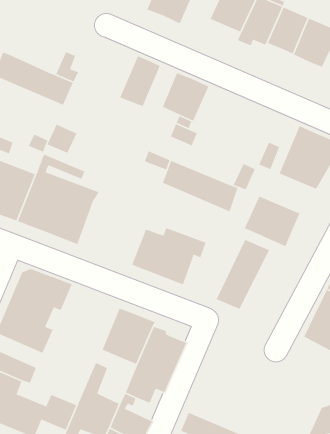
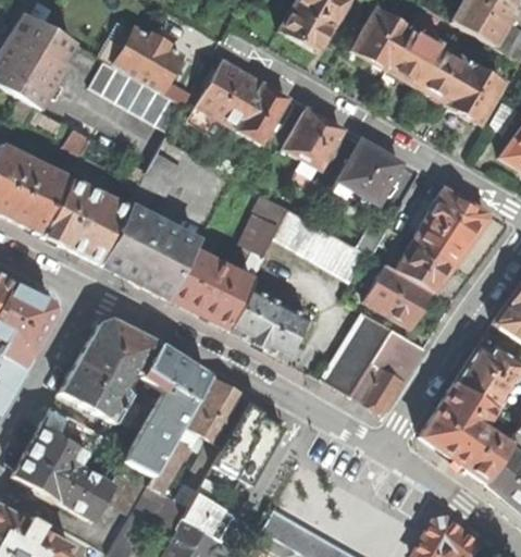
building: none -> [114,27,182,92]
building: none -> [197,60,263,131]
building: none -> [333,139,402,203]
building: none -> [169,214,280,329]
building: none -> [397,240,456,290]
building: none -> [350,329,426,413]
building: none -> [121,343,209,483]

